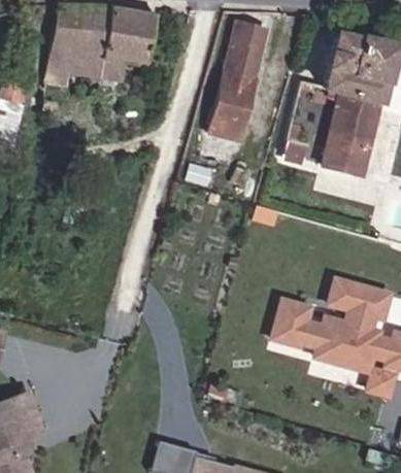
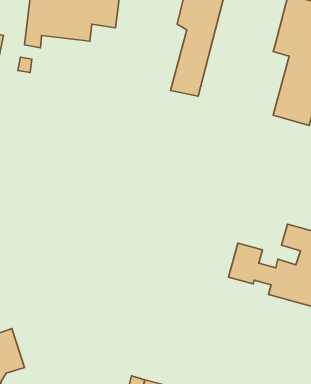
building: [280,78,338,161] -> none

